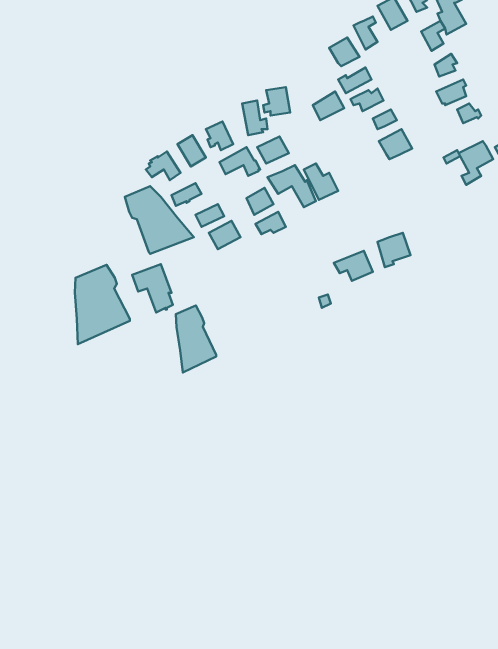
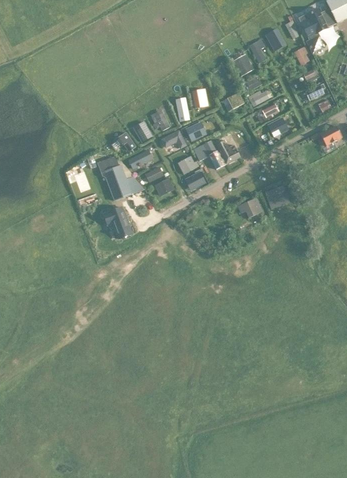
building: [75,265,130,344] -> none
building: [176,305,216,373] -> none

